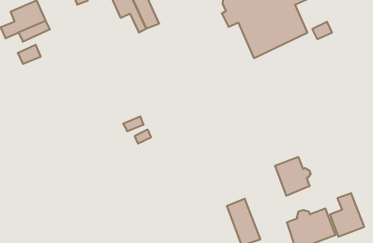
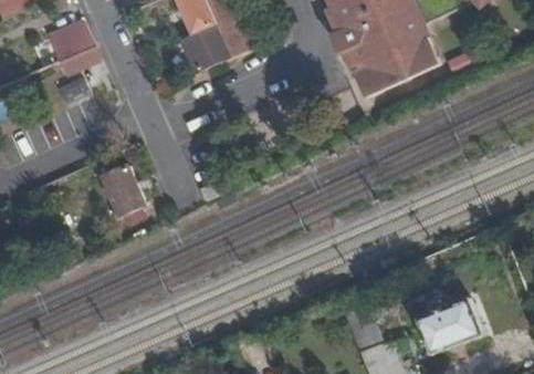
building: none -> [101,167,144,217]
building: [275,157,311,196] -> none
building: [330,193,364,237] -> none

